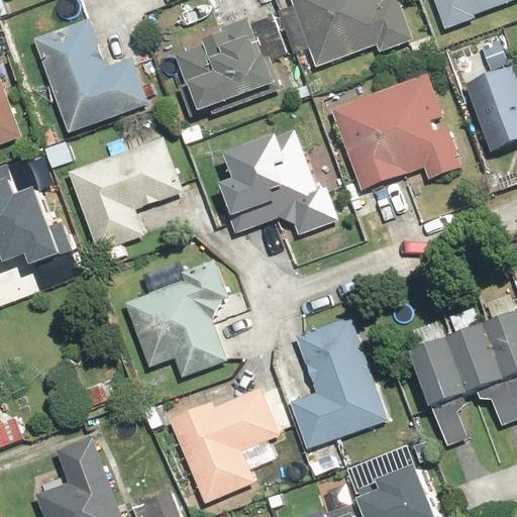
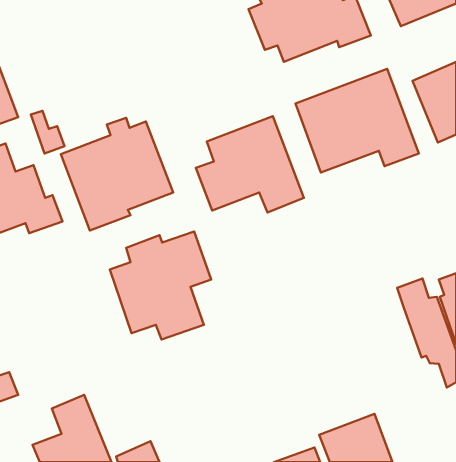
building: [30,15,150,134] -> none
building: [172,15,288,114] -> none
building: [290,317,389,474] -> none
building: [402,325,467,450] -> none
building: [167,379,280,503] -> none

